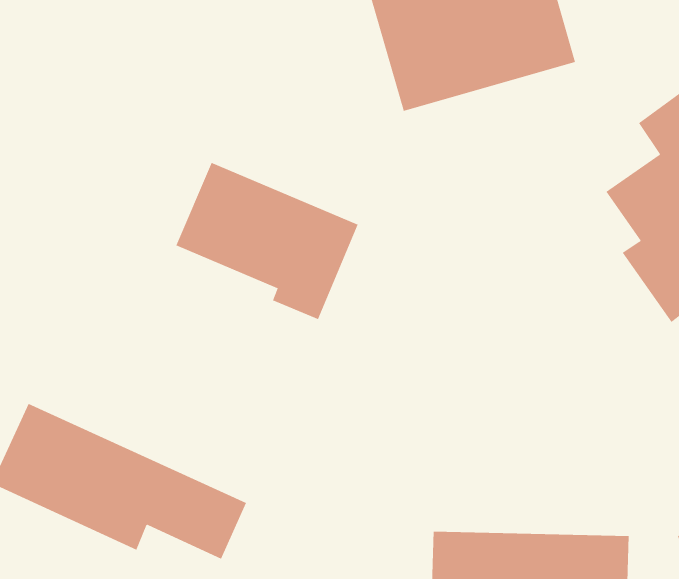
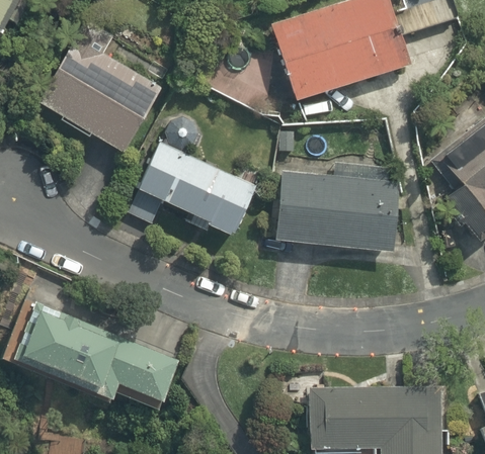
building: none -> [34,32,166,156]
building: none -> [276,156,404,257]

